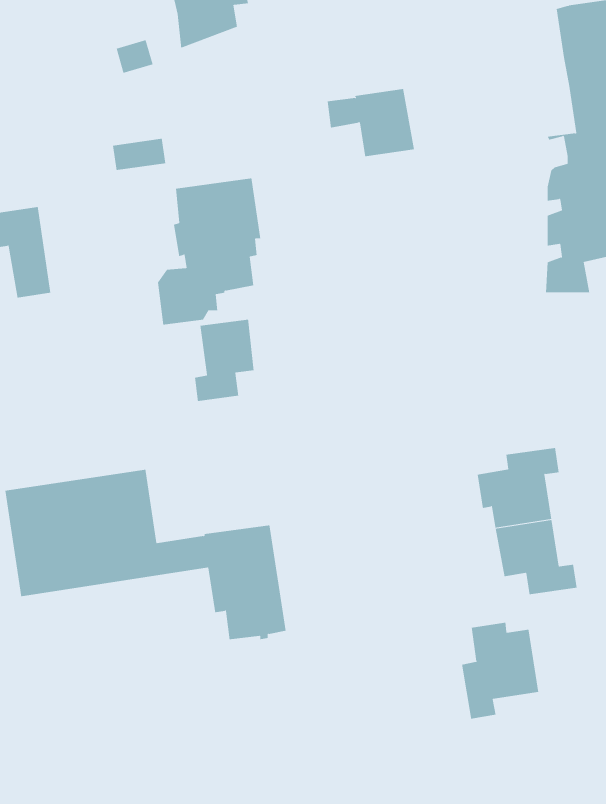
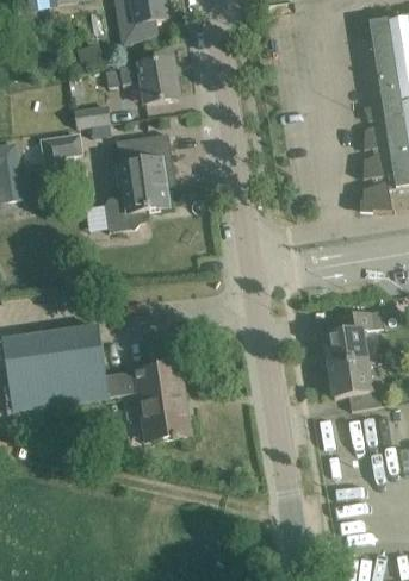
building: [327,89,415,157] -> [120,57,179,102]
building: none -> [42,133,82,157]
building: [194,319,254,402] -> none
building: [461,622,539,719] -> none

